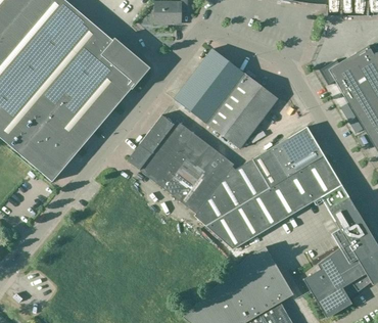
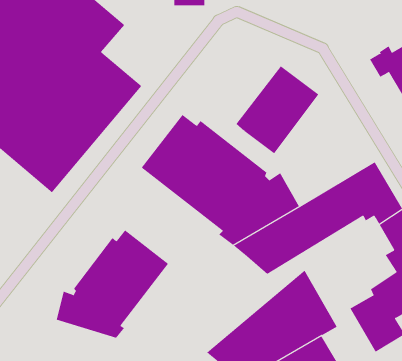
building: [94,39,148,91] -> none
building: [174,48,244,123] -> none
building: [244,126,324,191] -> none
building: none -> [56,230,169,339]

